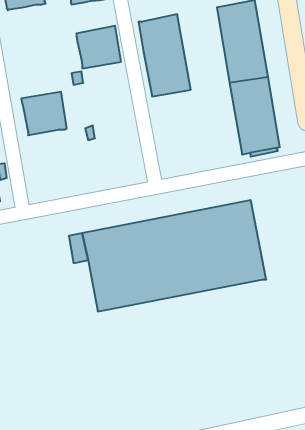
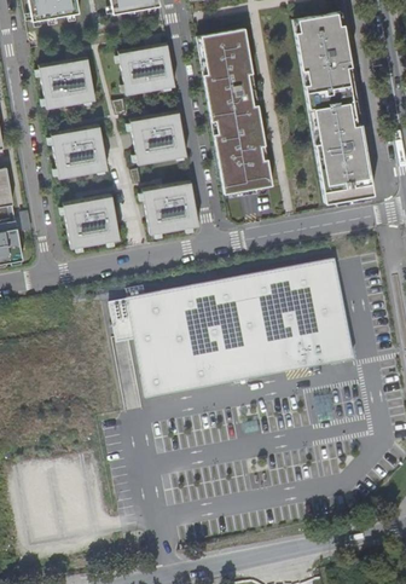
building: none -> [39,56,94,109]
building: none -> [129,110,186,163]
building: none -> [213,121,272,193]
building: none -> [141,179,198,233]
building: none -> [63,193,120,248]

